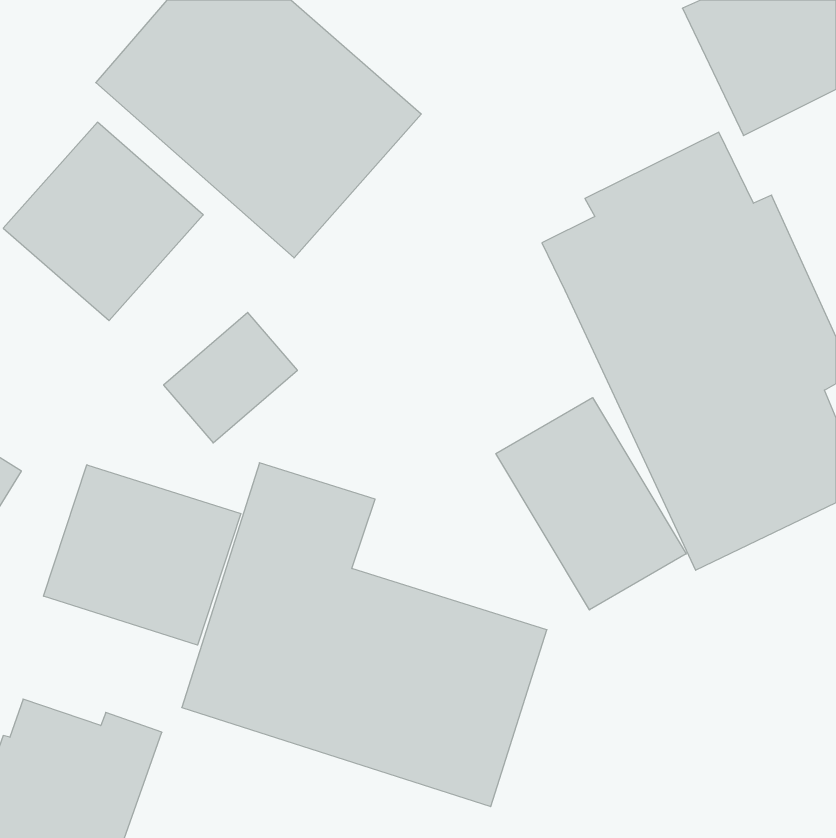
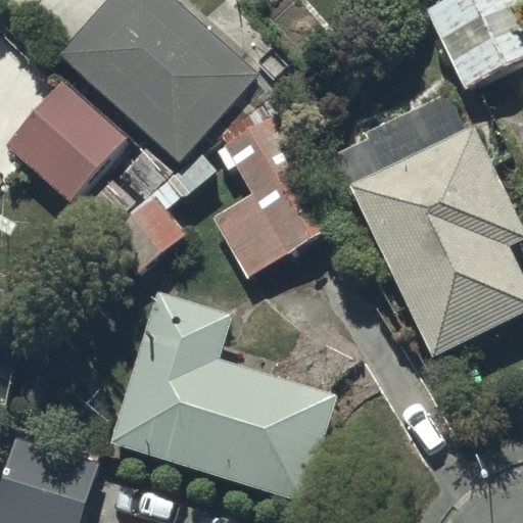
building: none -> [208,116,336,279]
building: [496,398,686,610] -> none
building: [44,465,241,645] -> none

